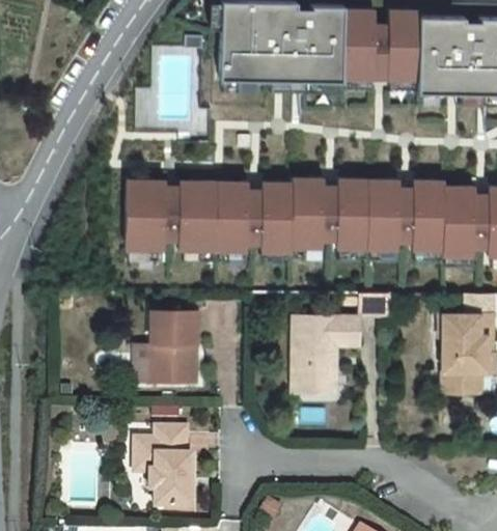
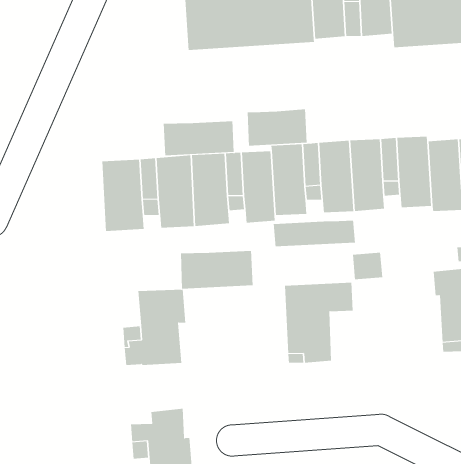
building: none -> [247,109,307,147]
building: none -> [163,121,234,156]
building: none -> [273,220,355,247]
building: none -> [181,250,253,289]

